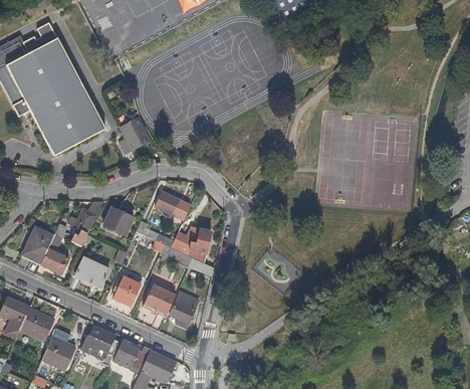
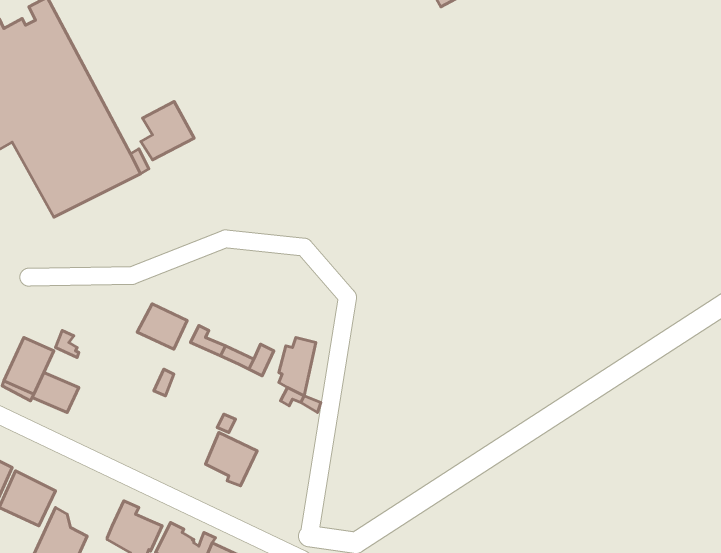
building: [119,119,151,154] -> [141,101,194,160]
building: [155,191,182,216] -> none
building: [70,201,100,246] -> none
building: [74,256,108,284] -> none
building: [113,275,140,306] -> none
building: [170,289,198,327] -> none

